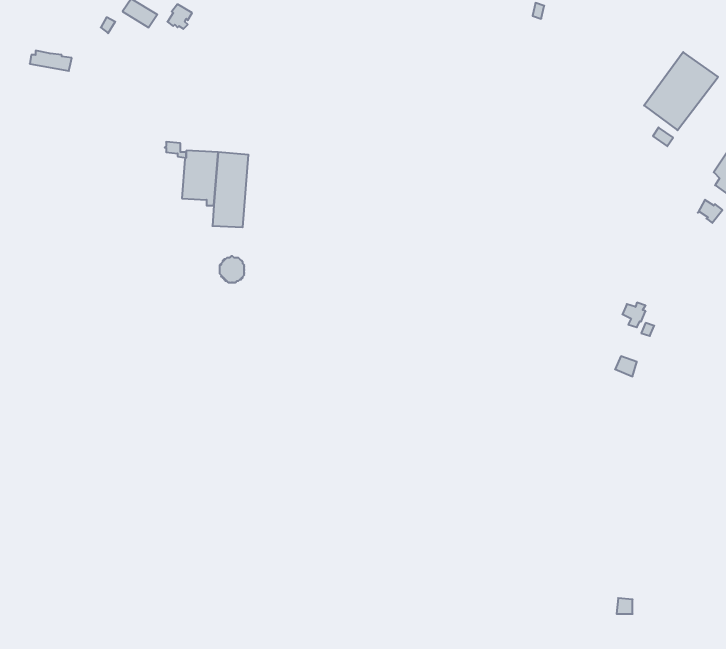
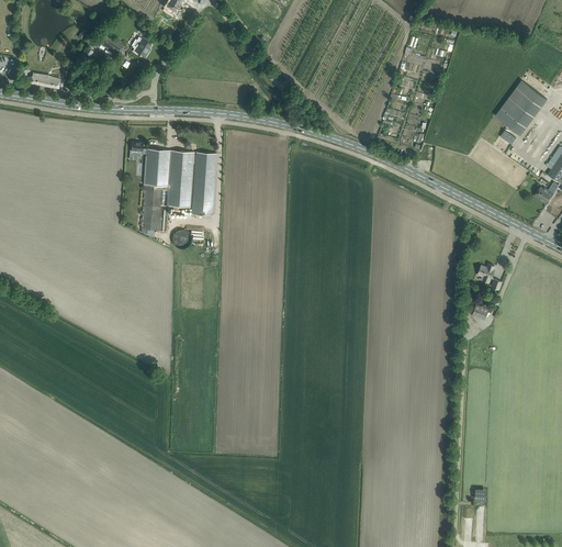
building: none -> [192,153,216,216]
building: none -> [142,186,162,231]

